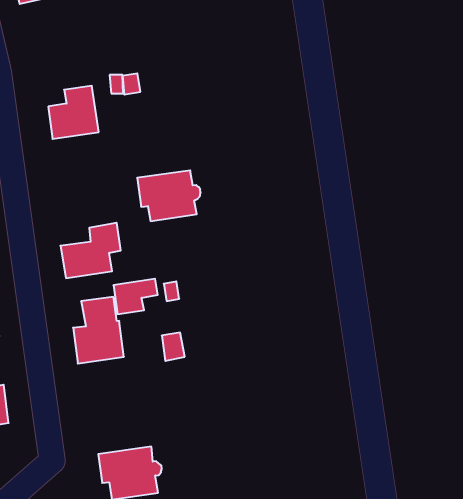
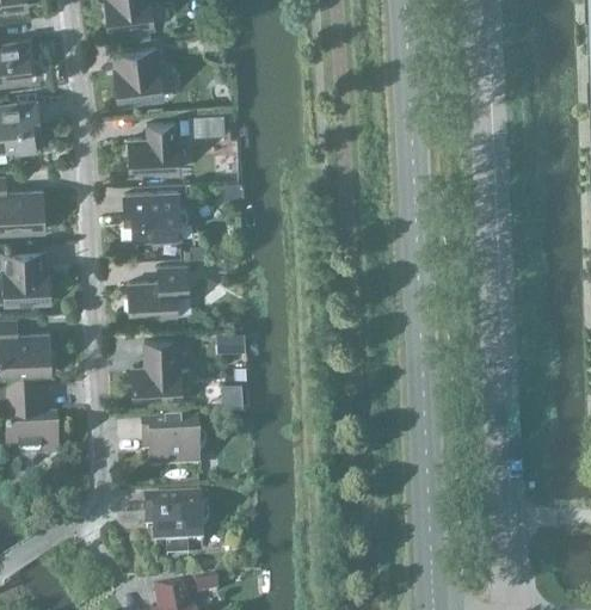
building: none -> [116,48,164,104]
building: [137,170,201,221] -> [124,192,187,240]
building: none -> [142,421,205,470]

